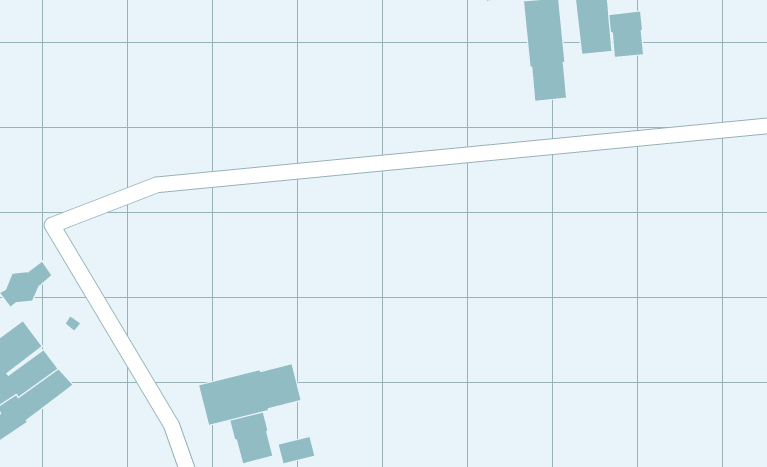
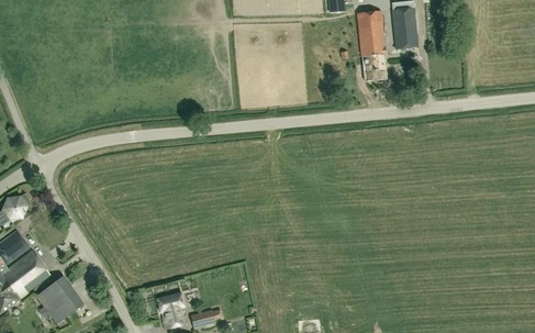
building: [609,11,643,57] -> none
building: [198,363,301,425] -> none
building: none -> [36,275,83,323]

